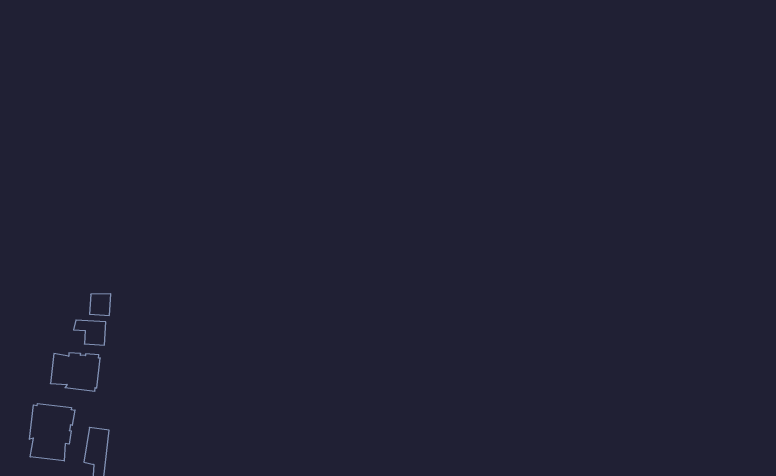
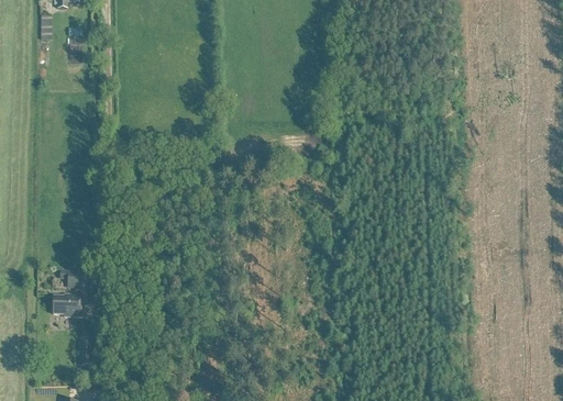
building: [29,404,75,461] -> none

